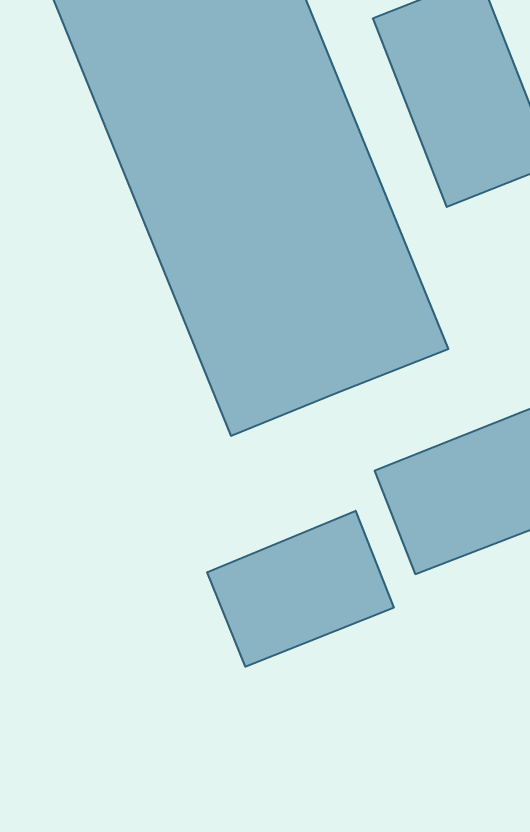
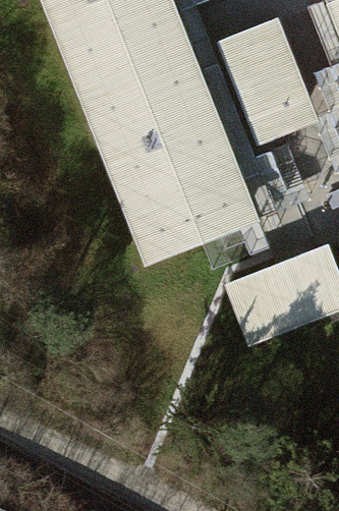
building: [207,511,394,667] -> none

